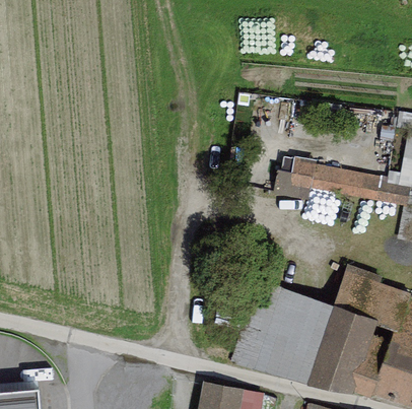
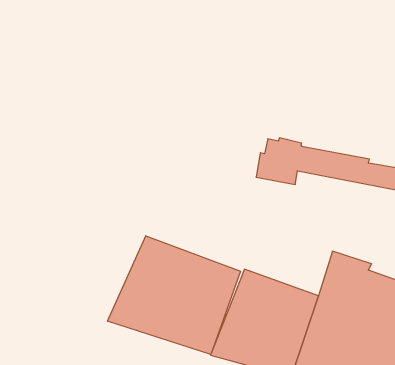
building: none -> [108,236,240,354]

